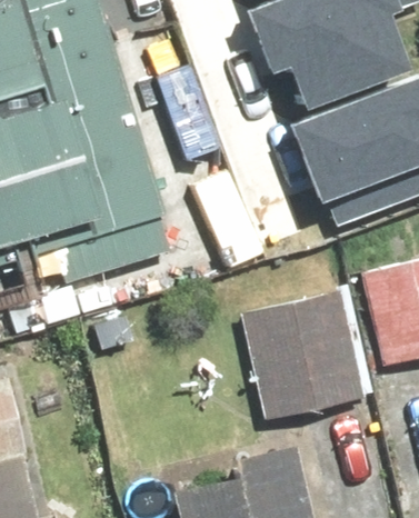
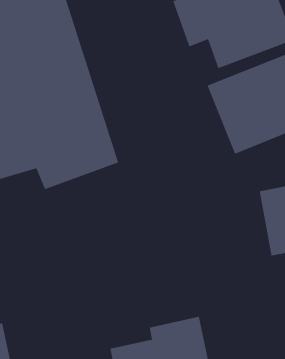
building: [249,267,386,422] -> none

